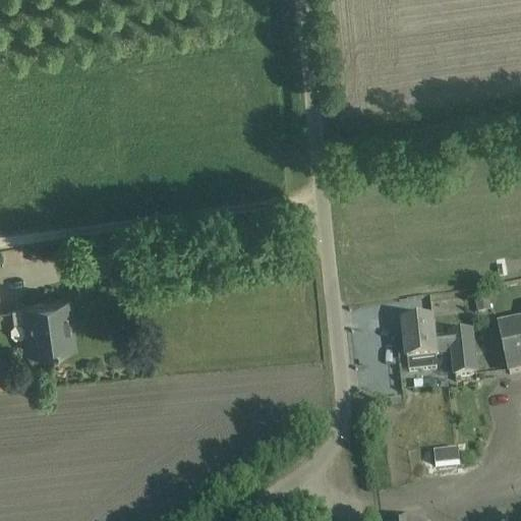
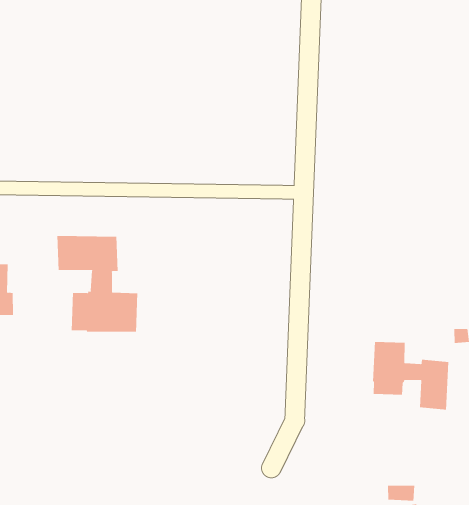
building: none -> [57,235,138,333]

